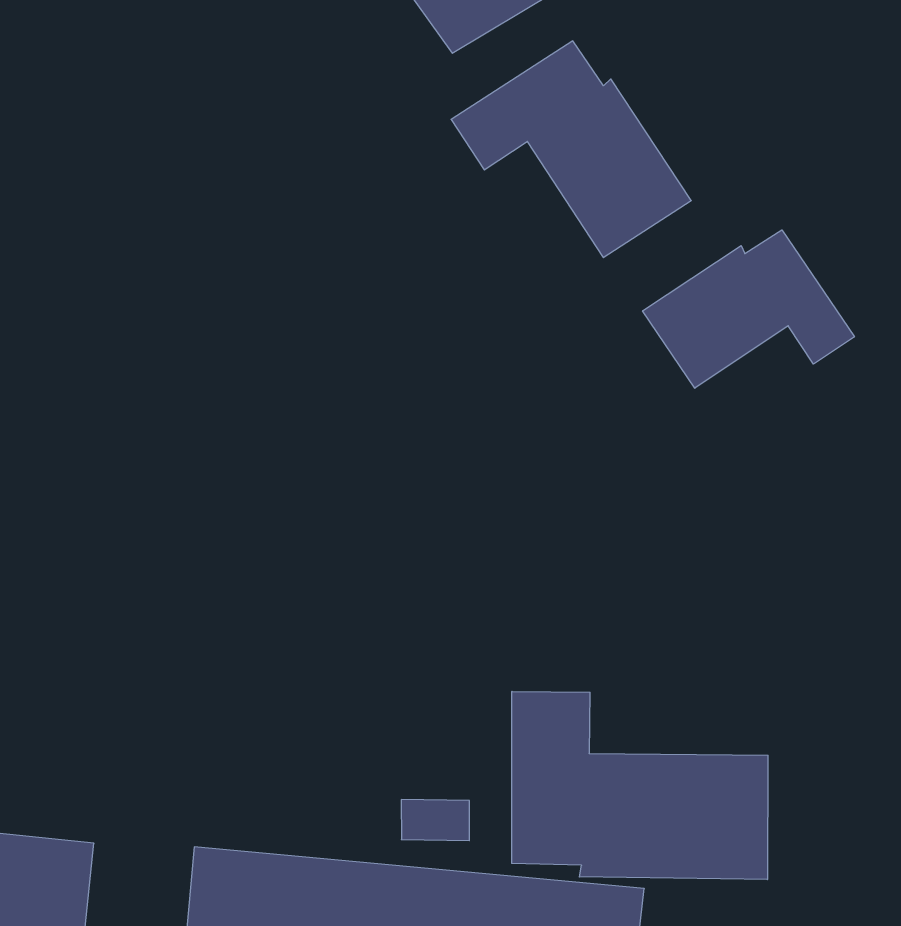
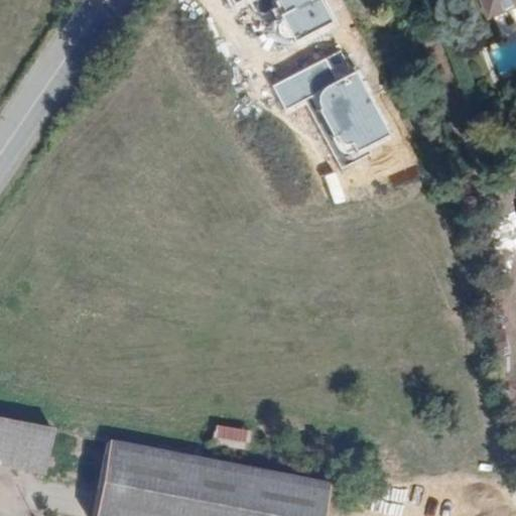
building: [643,230,854,388] -> none
building: [512,691,768,880] -> none

